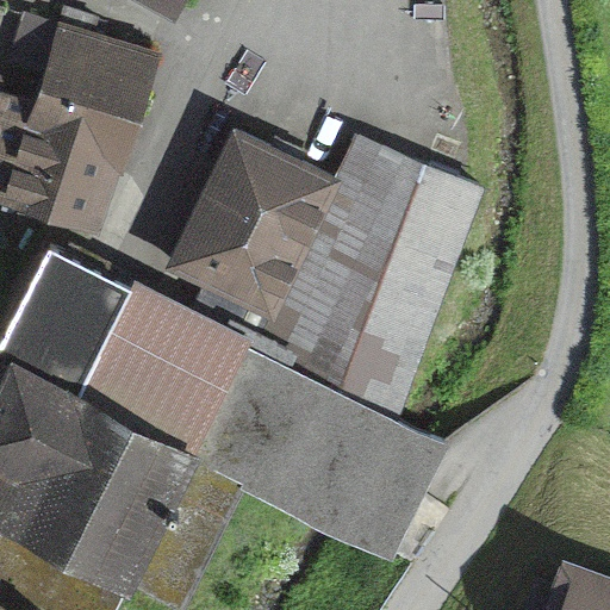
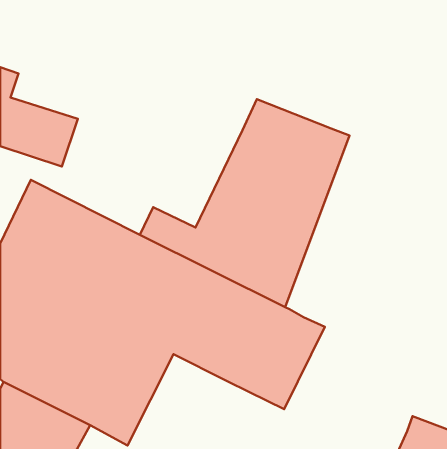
building: [12,17,148,164] -> none
building: [172,132,334,311] -> none

